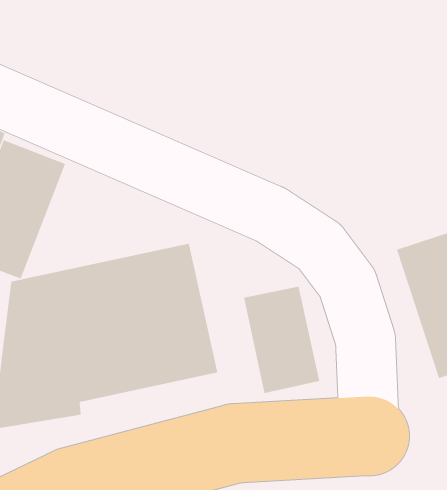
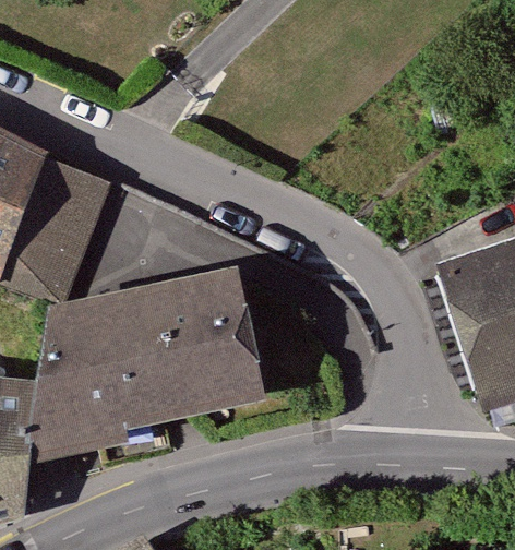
building: [243,286,320,394] -> none

